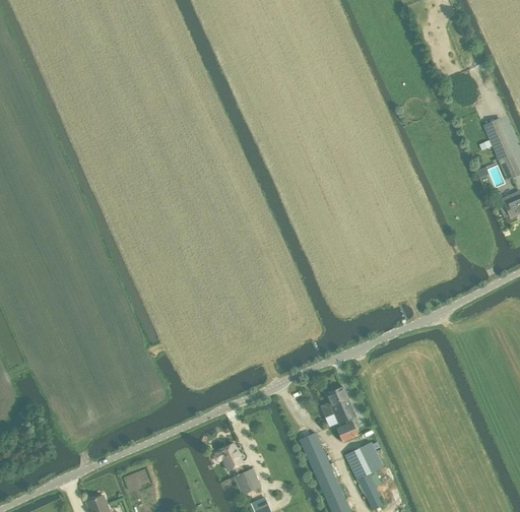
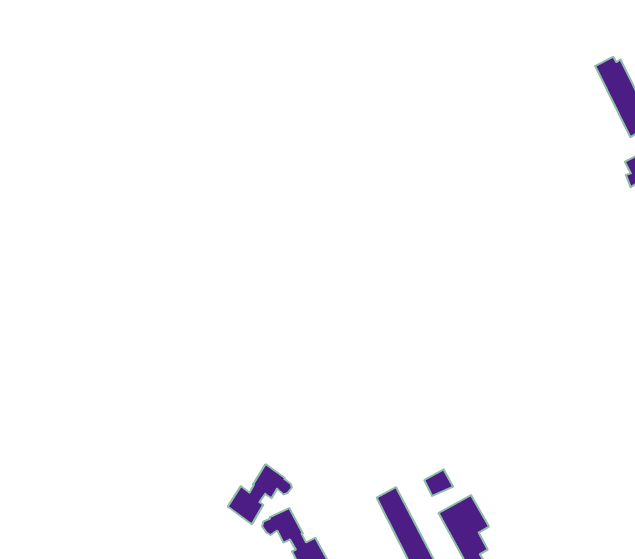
building: [320,386,355,423] -> none
building: none -> [228,464,292,524]

